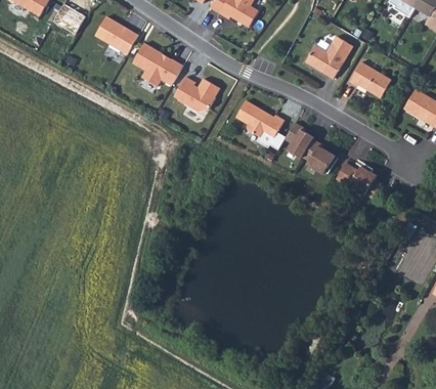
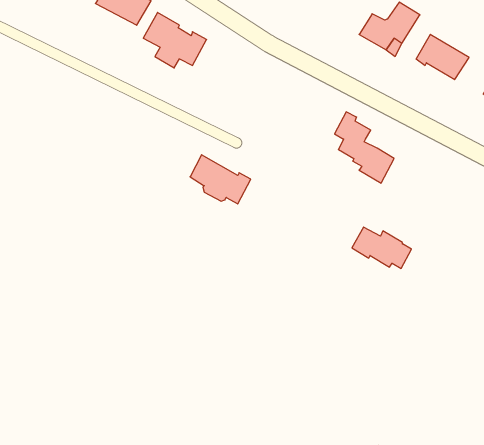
building: [175,77,220,111] -> none
building: [235,100,284,139] -> [190,155,251,204]
building: [334,167,381,200] -> [352,227,411,268]

